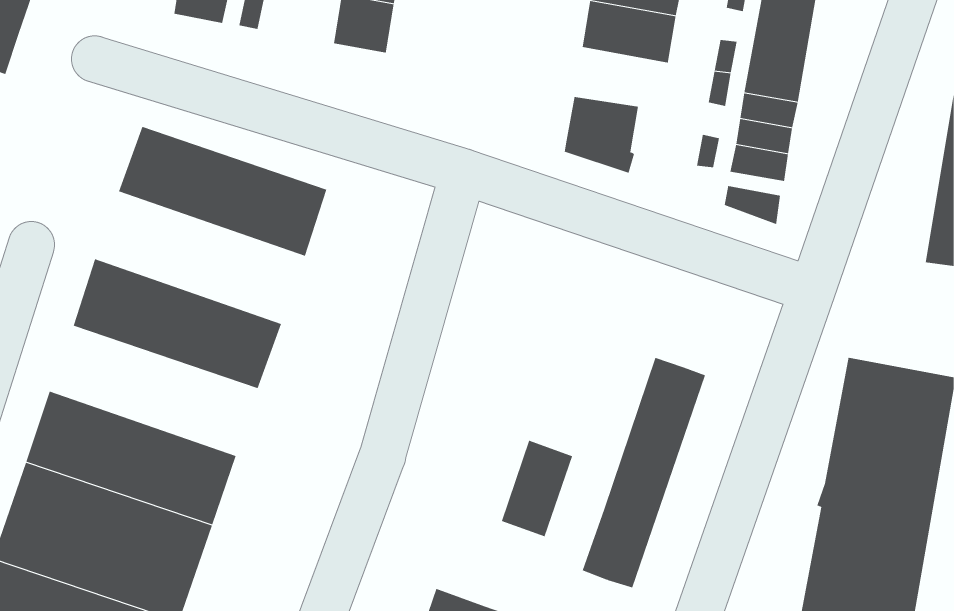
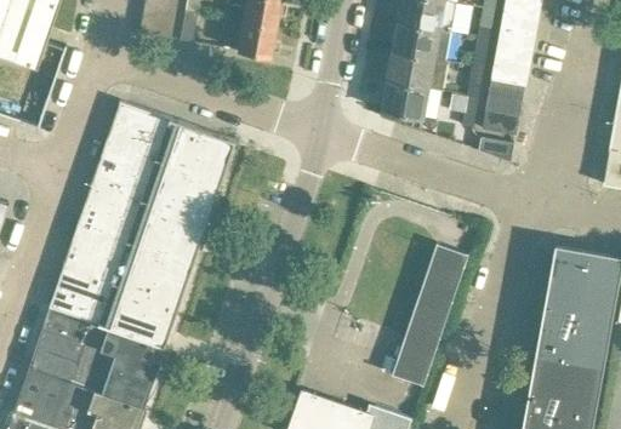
building: none -> [386,55,446,93]
building: none -> [91,143,221,224]
building: none -> [63,225,192,305]
building: [501,440,573,537] -> none

